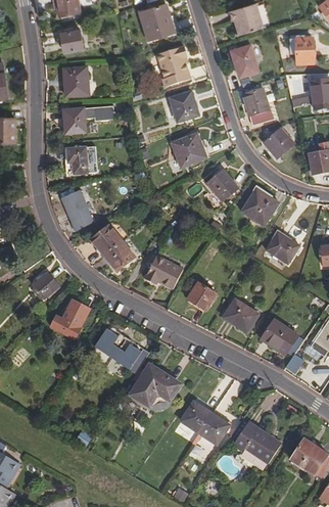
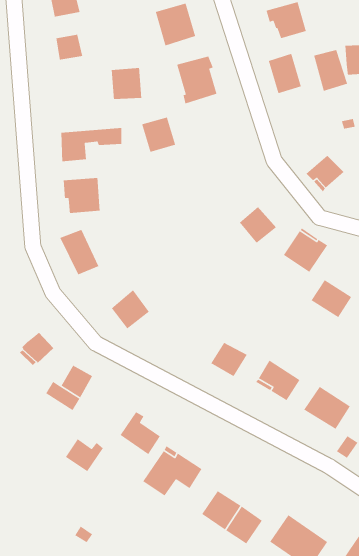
building: [62,70,88,96] -> [111,67,142,100]
building: [242,89,271,124] -> [313,49,348,92]
building: [171,93,199,123] -> [141,116,176,153]
building: [172,135,207,170] -> none
building: [91,223,122,254] -> none
building: [143,255,182,287] -> none
building: [92,329,124,357] -> [65,438,104,472]

